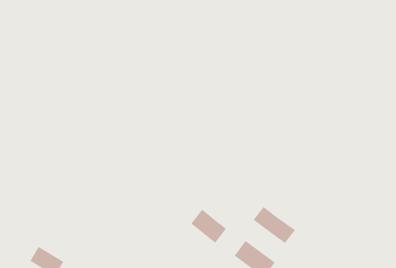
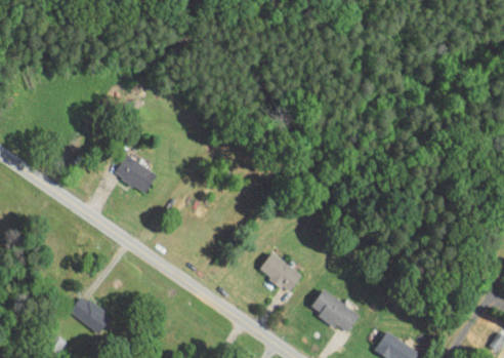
building: none -> [114,155,157,194]
building: [253,206,296,244] -> none

